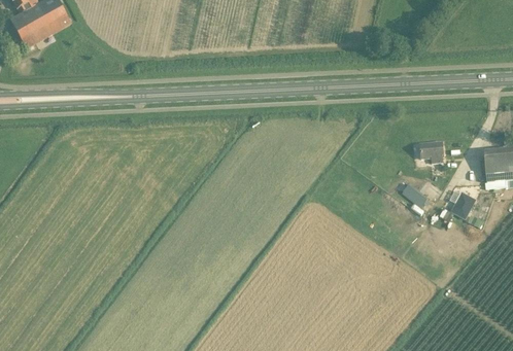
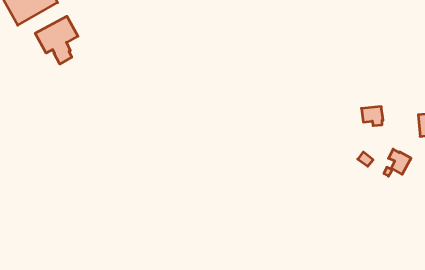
building: none -> [35,16,78,64]

